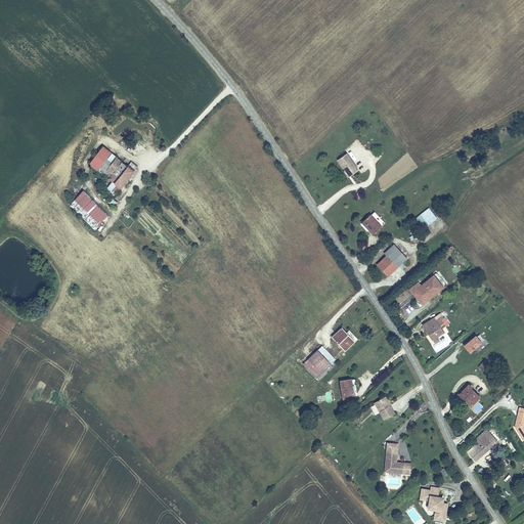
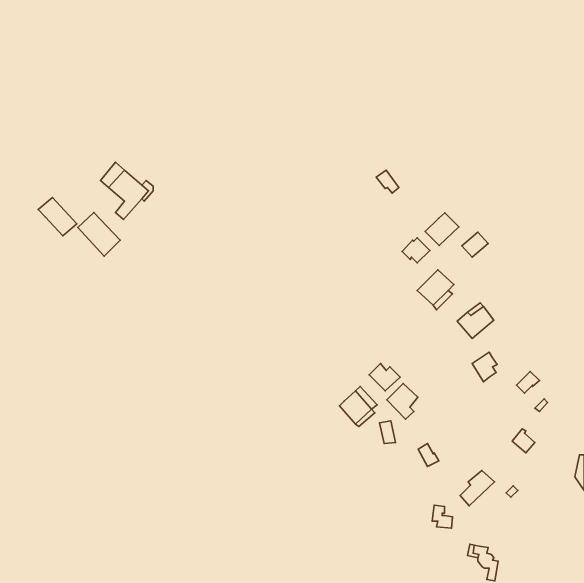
building: none -> [38,198,77,236]
building: none -> [425,213,459,246]
building: none -> [387,384,418,419]
building: [467,433,497,465] -> [460,470,494,506]

